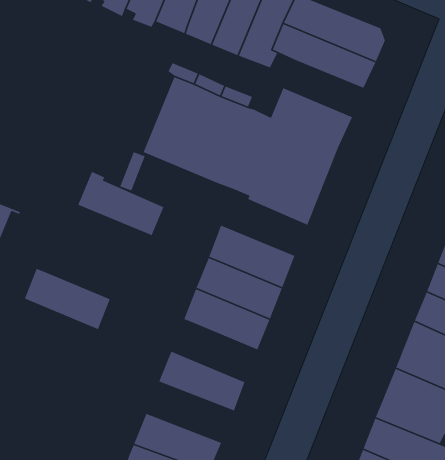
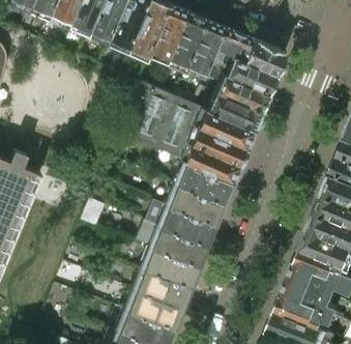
building: none -> [213,74,267,111]
building: [77,171,165,236] -> [172,160,230,203]
building: [24,268,111,330] -> [139,246,197,287]
building: none -> [122,287,181,327]

